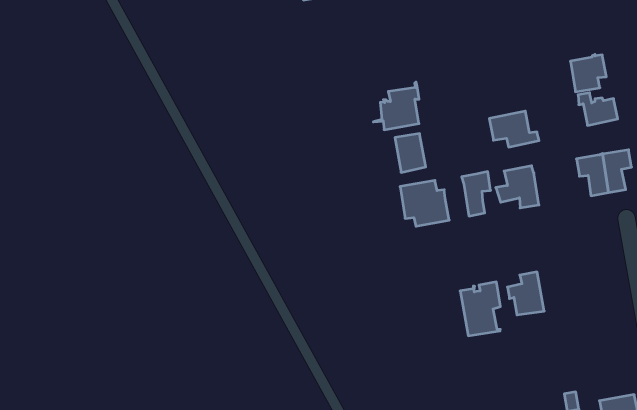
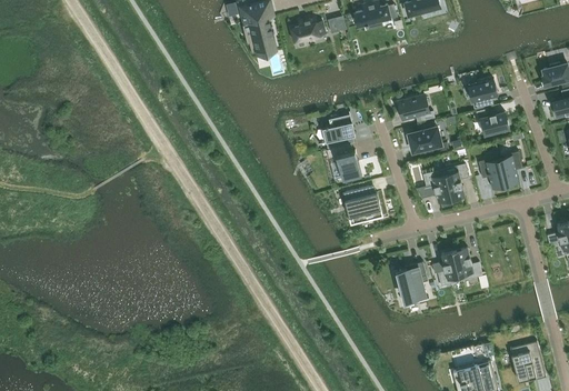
building: none -> [398,96,433,121]
building: [462,172,491,216] -> [443,163,467,199]
building: none -> [453,248,481,281]

